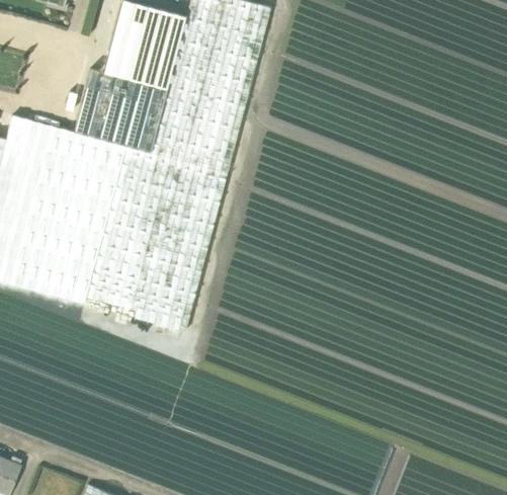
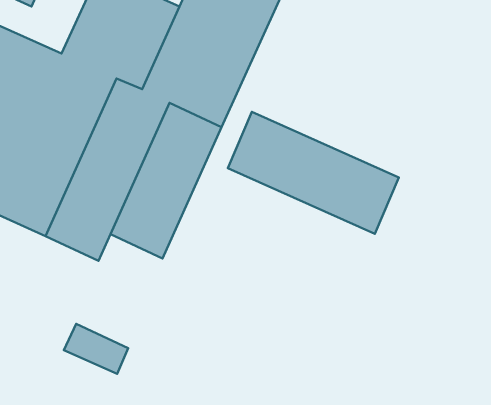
building: none -> [228,112,399,234]
building: [135,286,191,325] -> [64,324,128,374]

